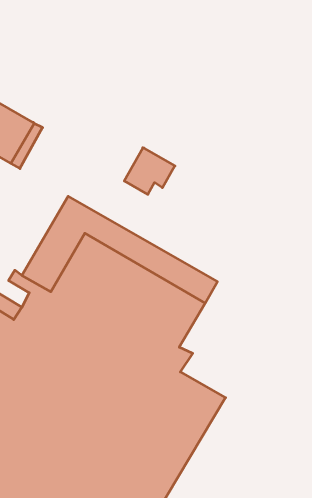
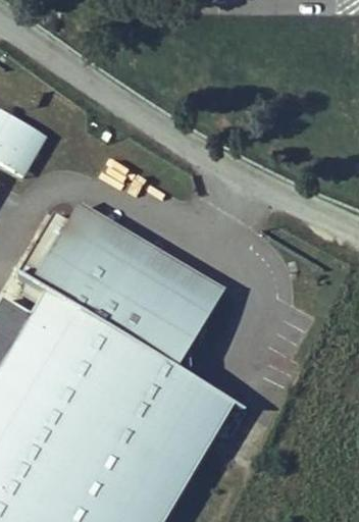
building: [124,148,175,194] -> none

